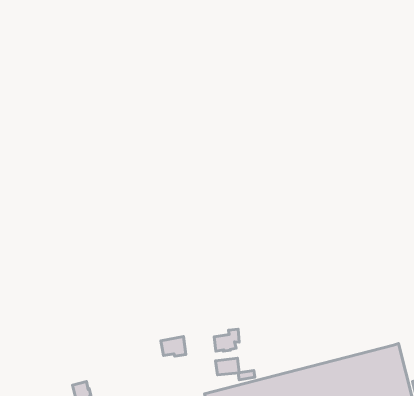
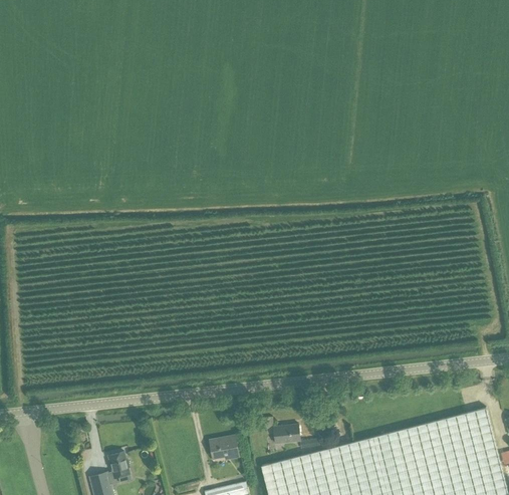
building: [214,329,239,351] -> none
building: [161,336,186,356] -> [209,436,238,459]

